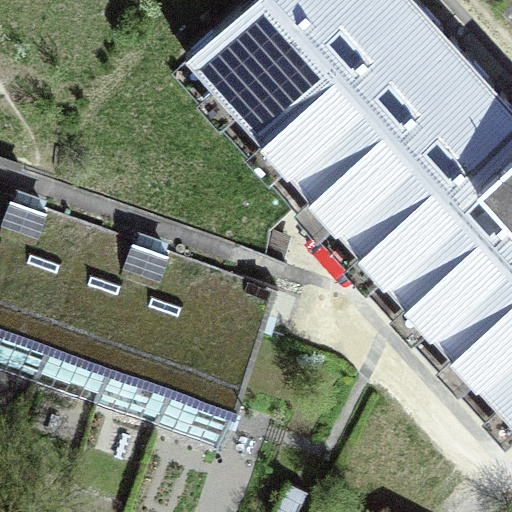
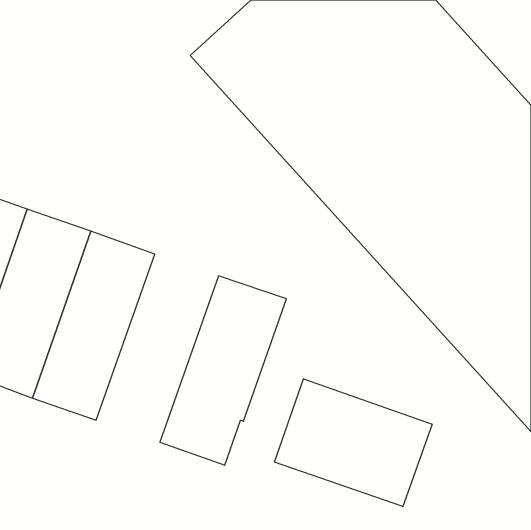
building: [92,247,209,427] -> none
building: none -> [275,379,432,507]

